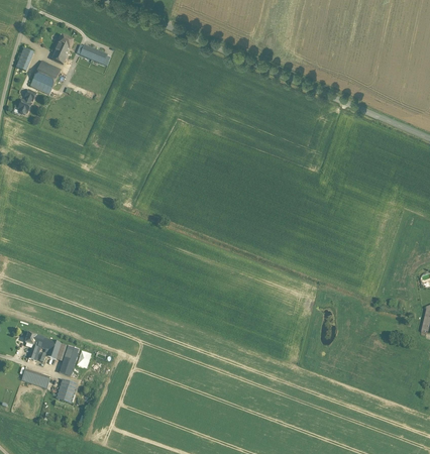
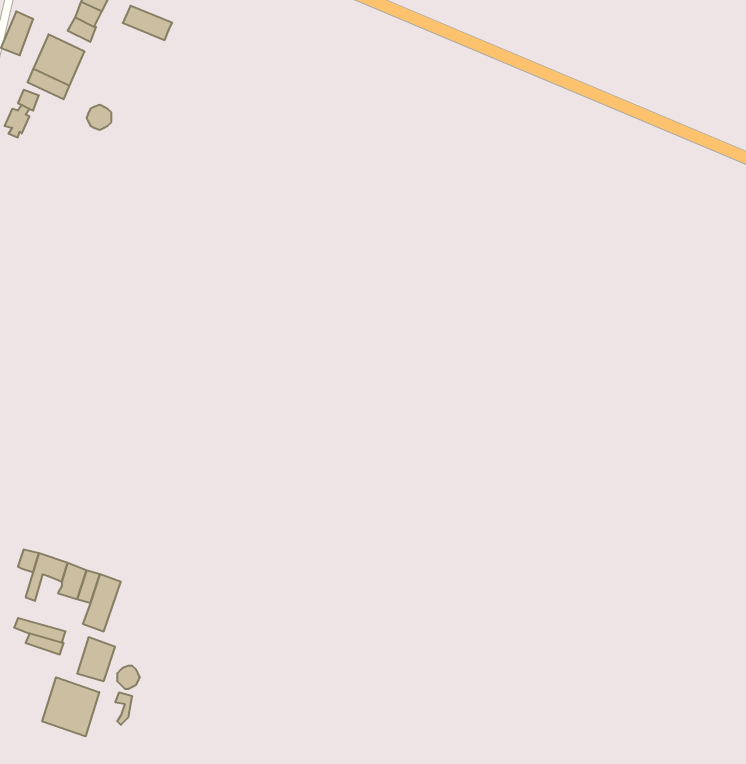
building: none -> [42,677,99,736]

